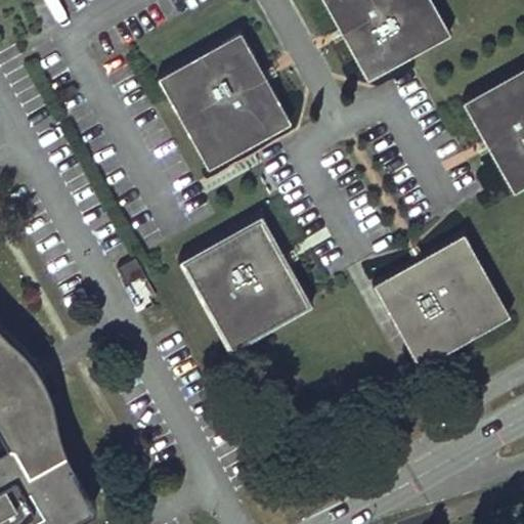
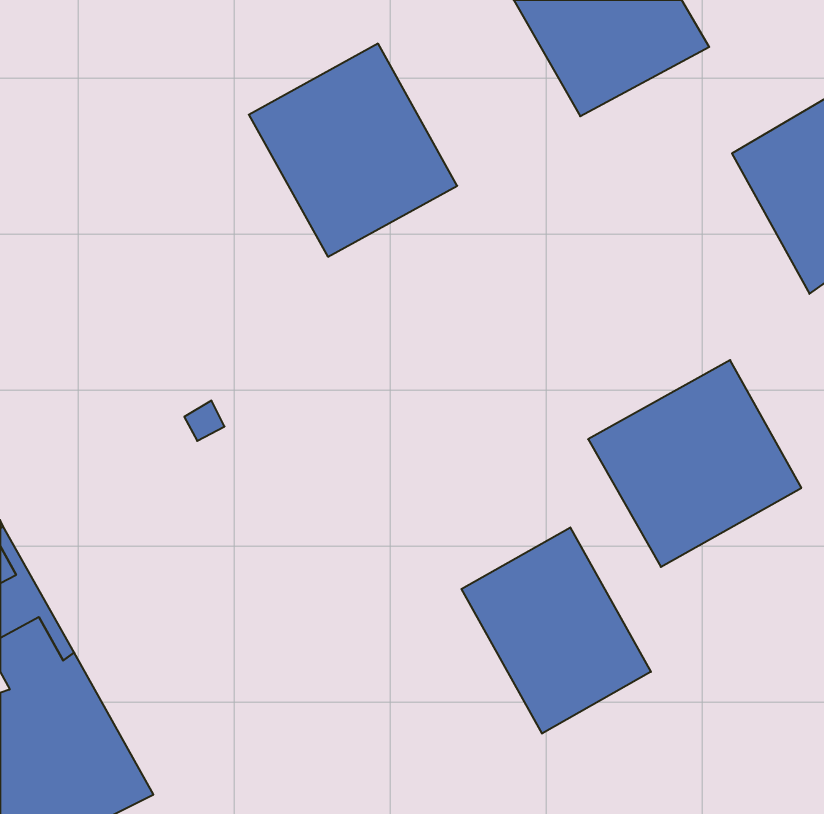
building: [179,217,312,352] -> none
building: none -> [461,527,651,734]

